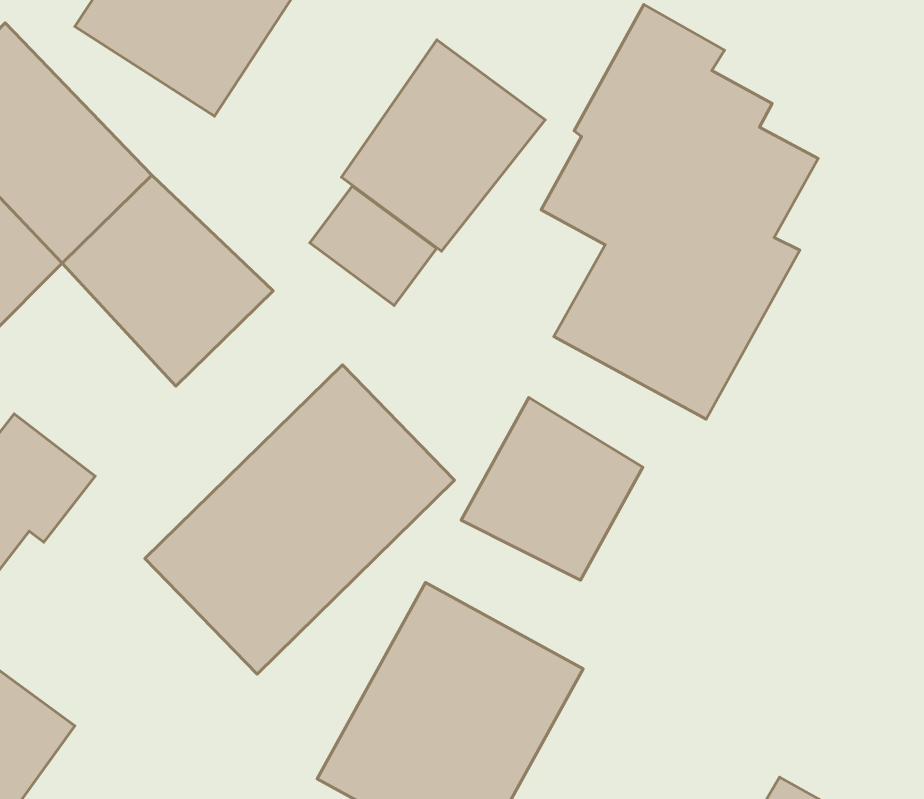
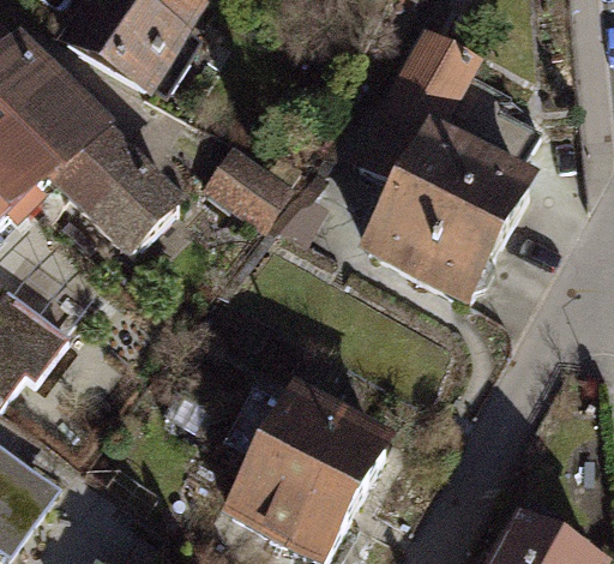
building: [341,40,545,251] -> none
building: [145,365,455,674] -> none
building: [461,398,643,580] -> none

